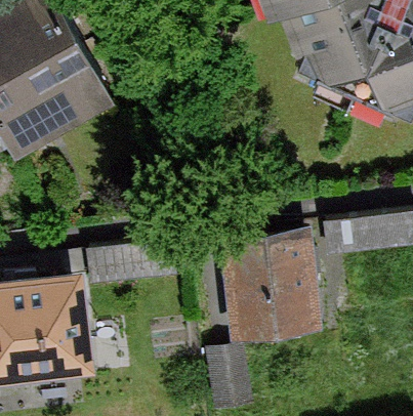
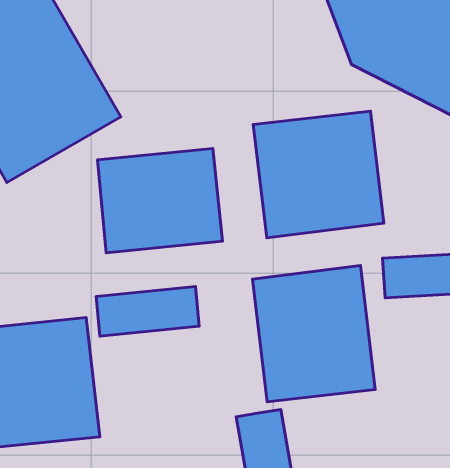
building: none -> [253,111,384,238]
building: none -> [97,148,222,253]

